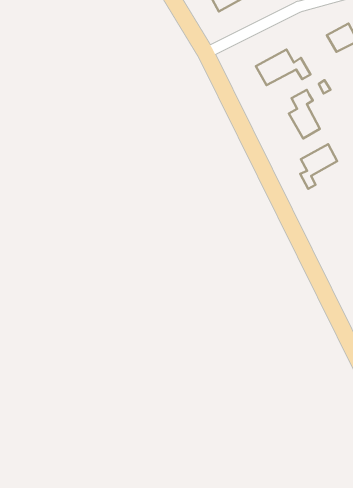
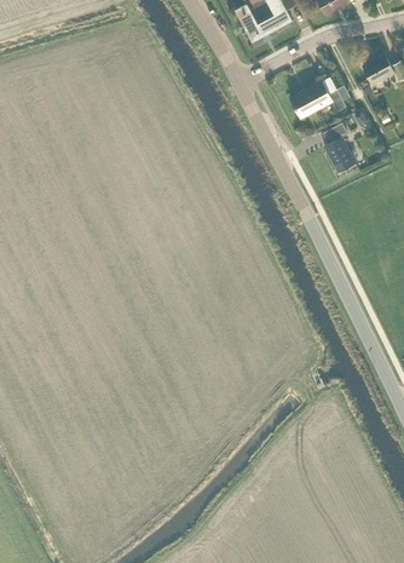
building: [300,144,337,189] -> none

